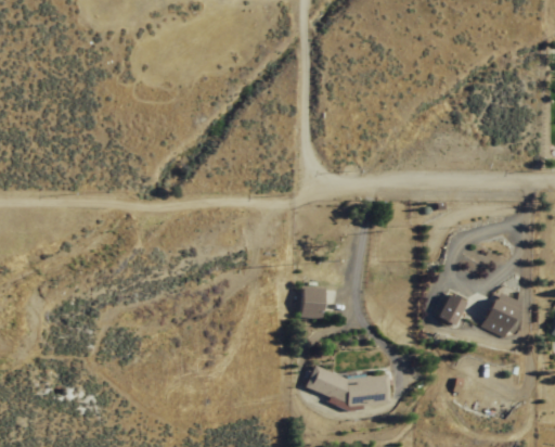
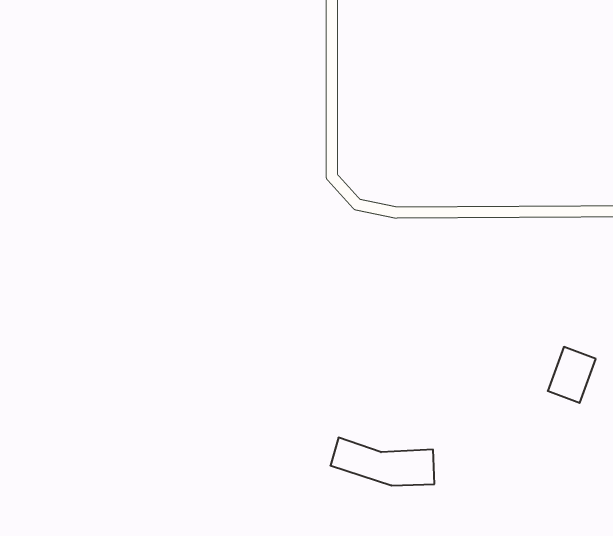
building: [301,286,324,317] -> none
building: [437,293,467,325] -> none

